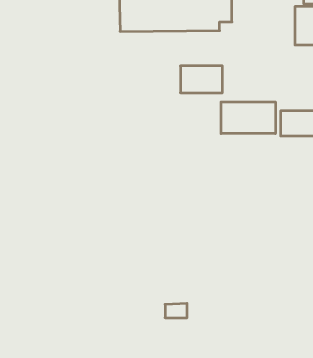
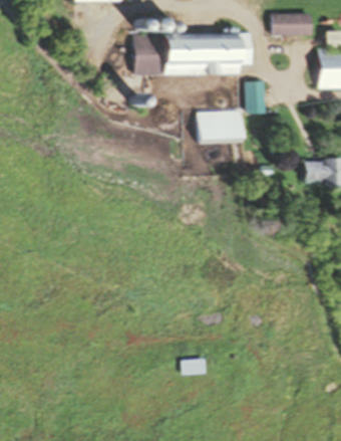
building: none -> [245,80,264,114]
building: [221,102,275,134] -> none

